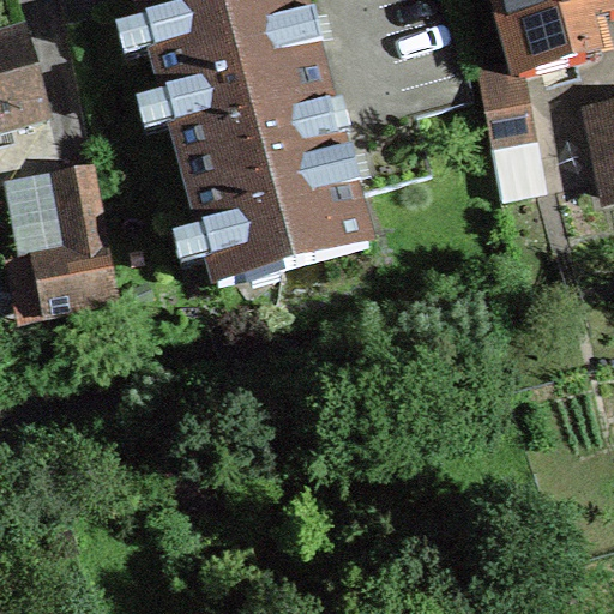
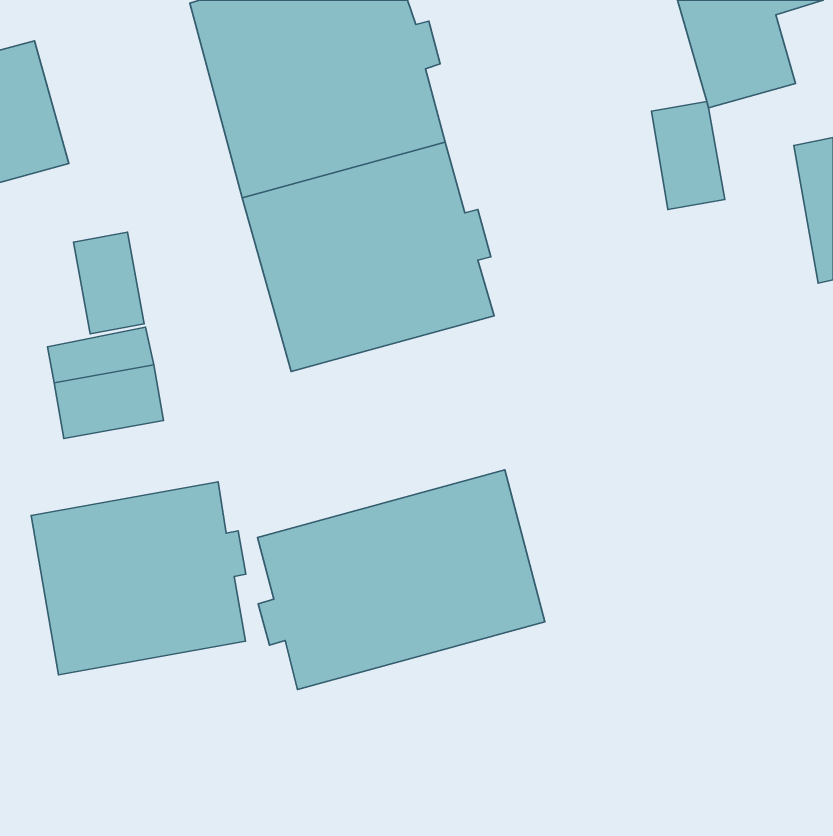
building: none -> [258,470,545,690]
building: none -> [31,482,246,675]

